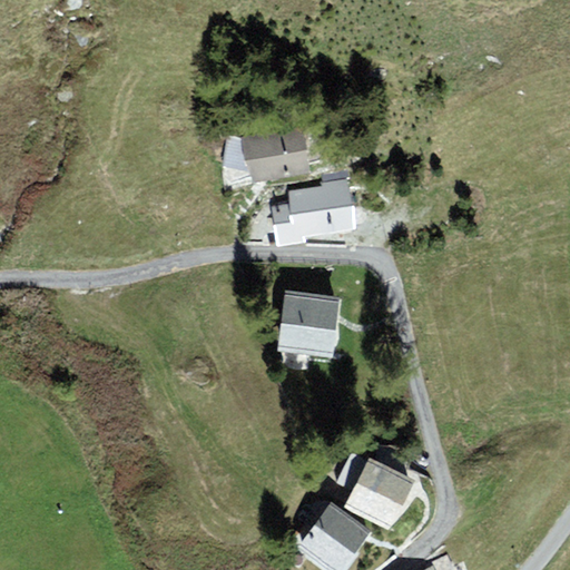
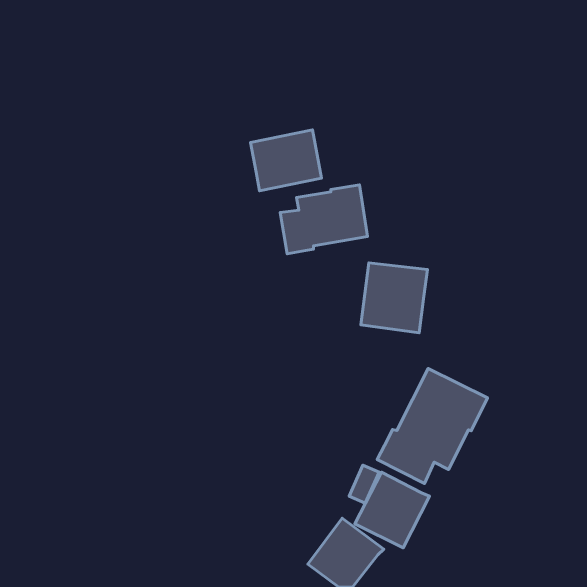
building: [276,289,341,357] -> [361,263,427,333]
building: none -> [377,369,488,483]

